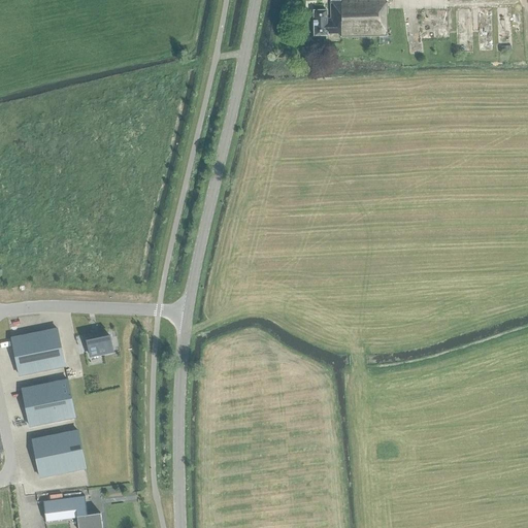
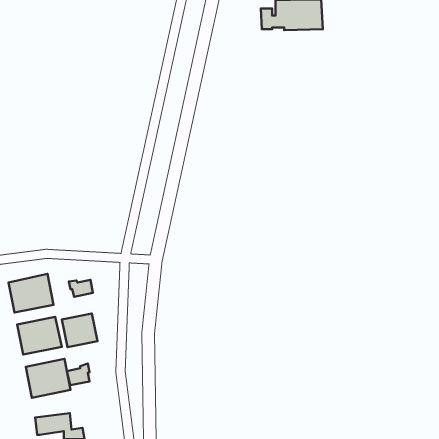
building: none -> [62,313,98,347]
building: none -> [67,364,90,385]

